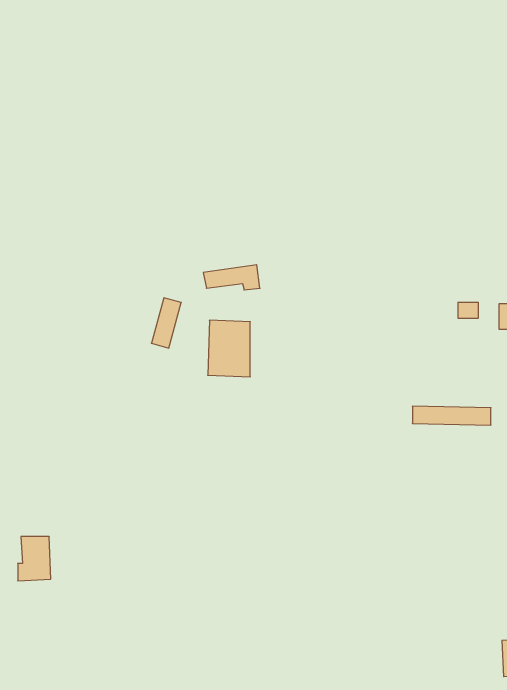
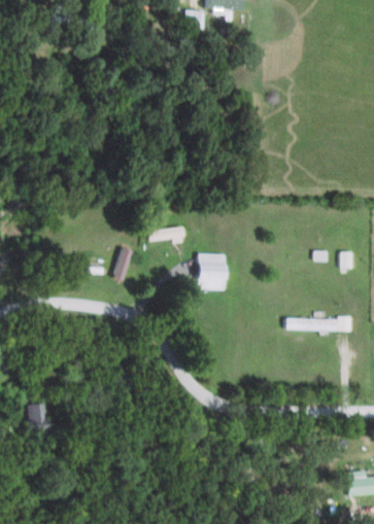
building: [208,320,250,377] -> [196,252,224,289]

